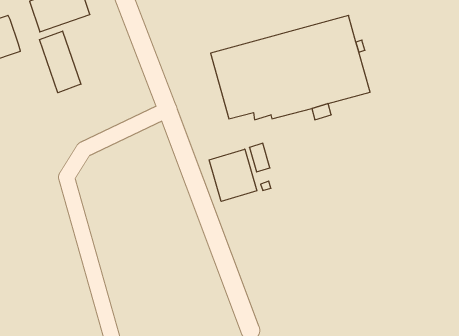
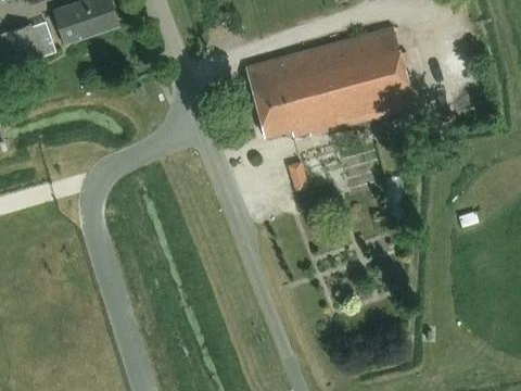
building: [39,31,81,93] -> none
building: [209,149,257,201] -> none

